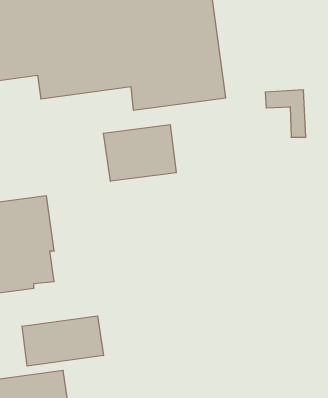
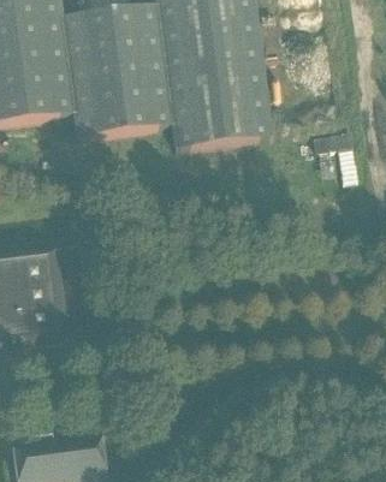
building: [103,125,176,181] -> none
building: [22,316,104,366] -> none

